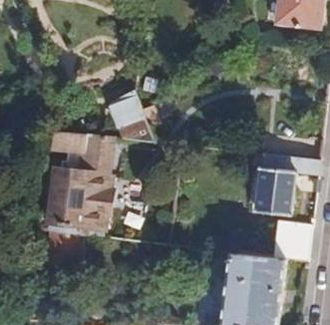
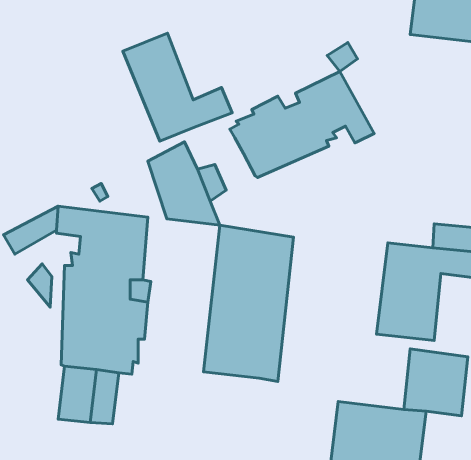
building: none -> [123,33,232,141]
building: none -> [230,71,374,178]
building: none -> [204,225,294,382]

